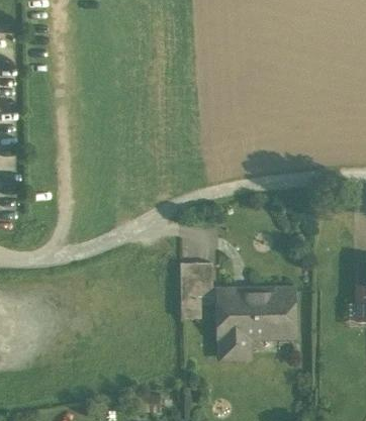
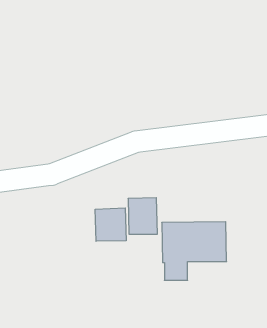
building: none -> [95,208,126,241]

